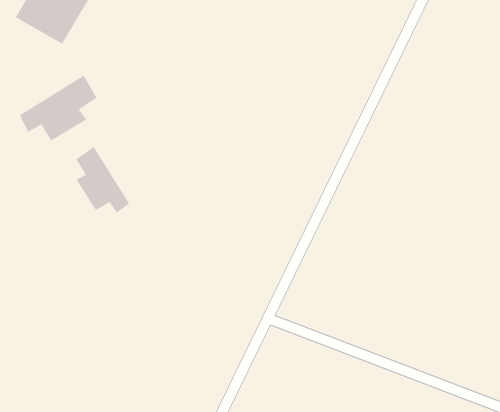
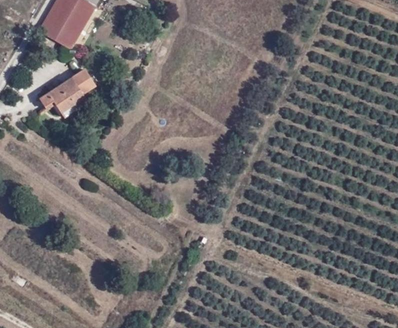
building: [76,146,130,214] -> none

